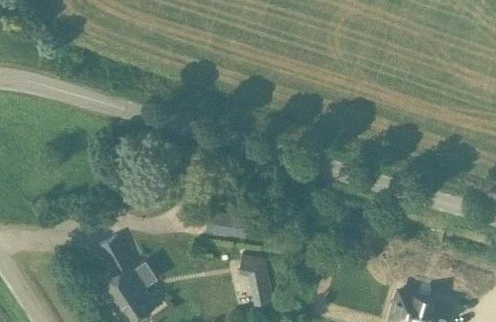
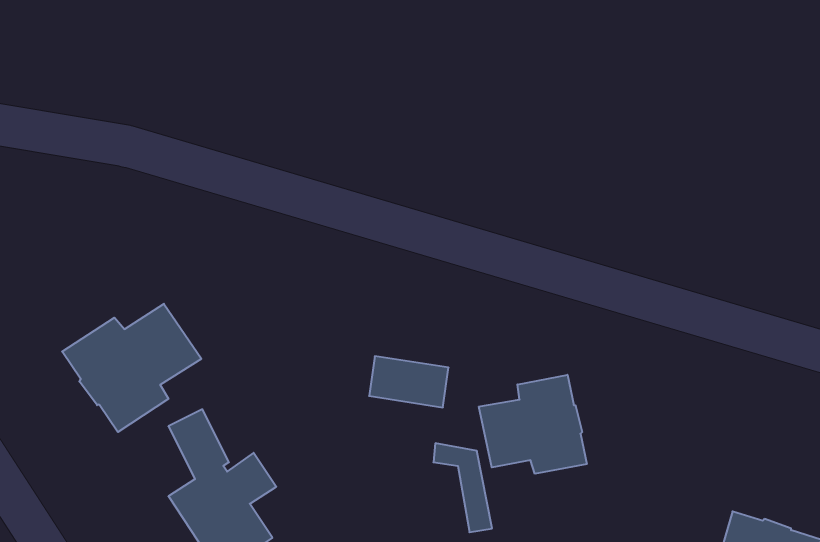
building: none -> [62,304,201,432]
building: none -> [479,375,587,474]

